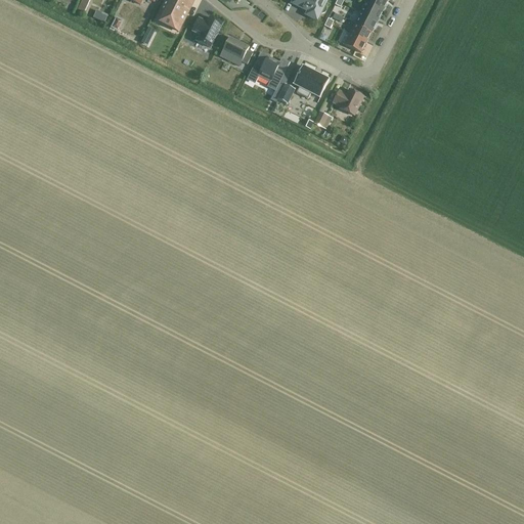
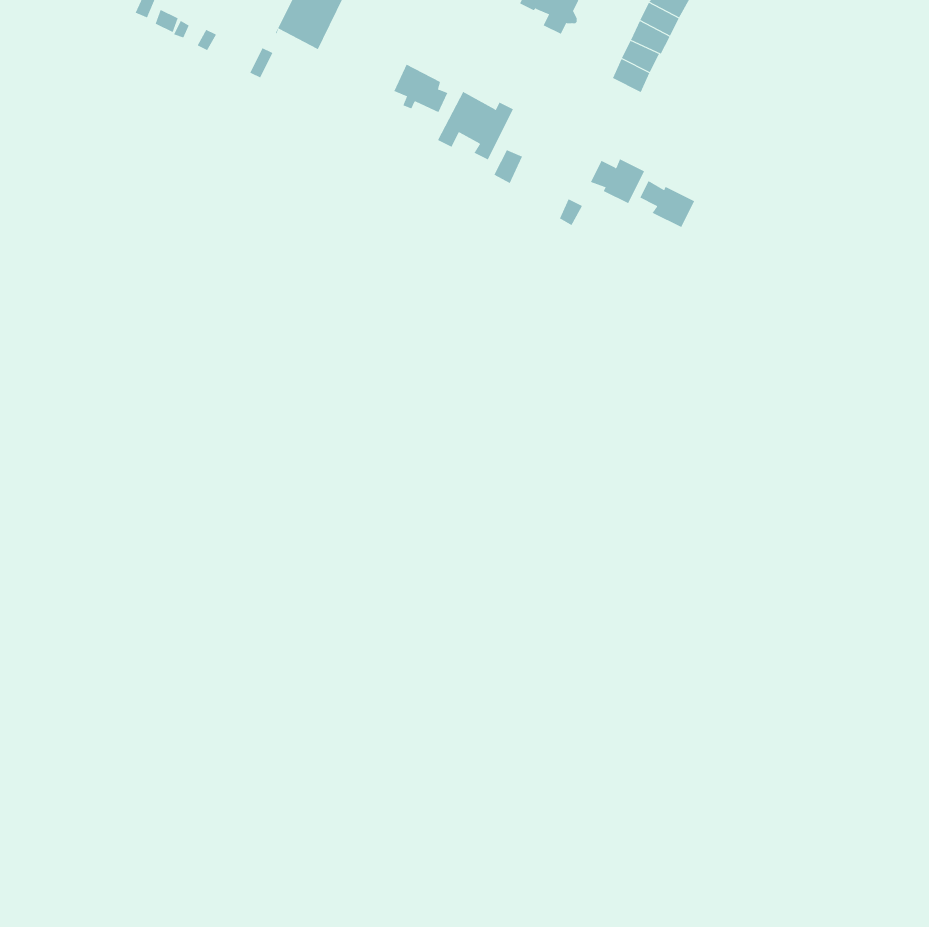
building: [191,16,220,46] -> none
building: [293,64,329,98] -> none
building: none -> [640,180,695,228]

